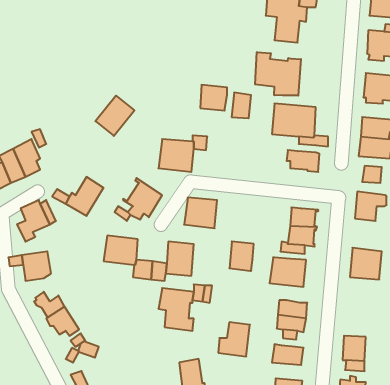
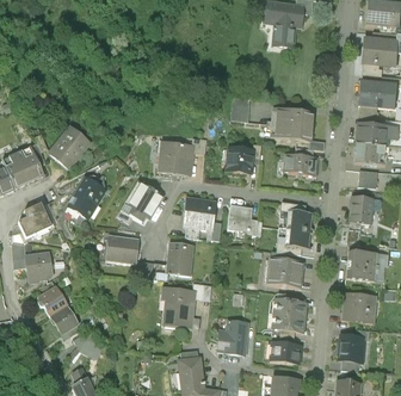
building: [255,52,301,96] -> none
building: [200,85,227,111] -> [227,148,253,173]
building: [95,96,134,136] -> [51,126,90,166]
building: [229,241,254,271] -> [229,203,253,231]
building: none -> [341,291,377,320]

